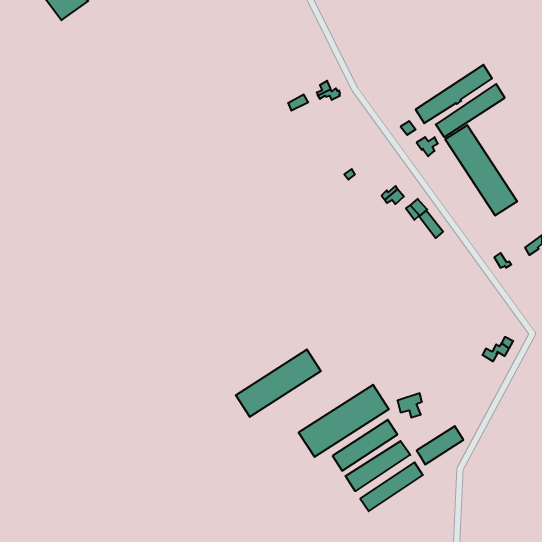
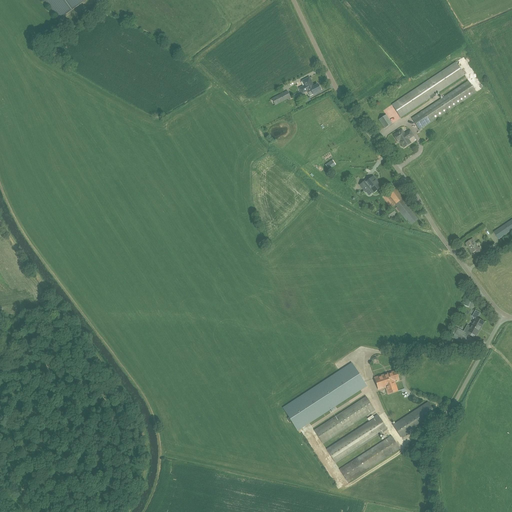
building: [445,125,517,216] -> none
building: [236,349,321,417] -> none

